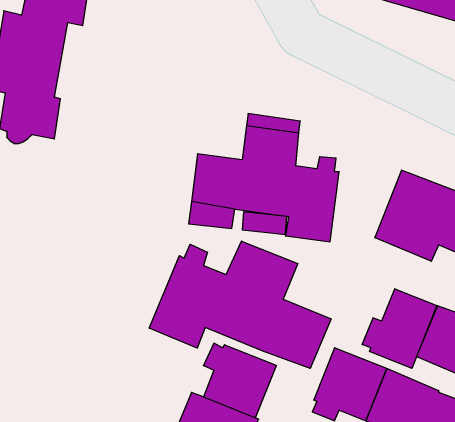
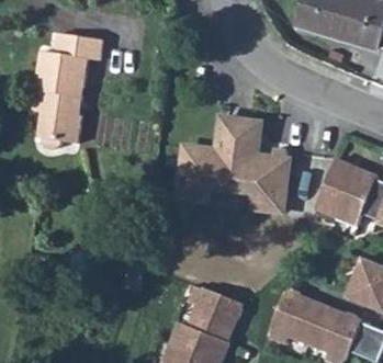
building: [149,241,331,368] -> none
building: [362,289,437,368] -> none

